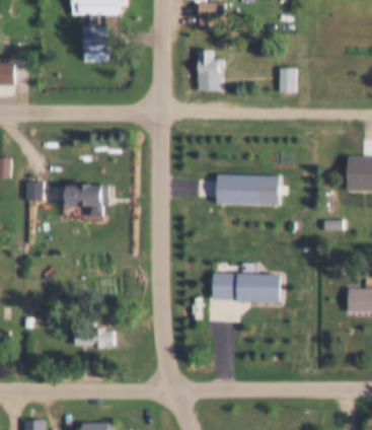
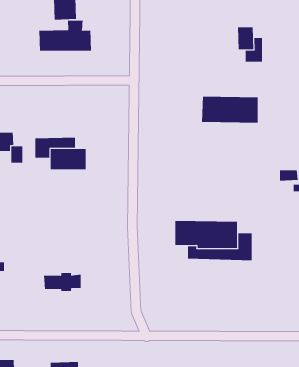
building: [196,49,222,89] -> none
building: none -> [39,20,91,52]
building: [215,173,276,202] -> [201,96,259,123]

